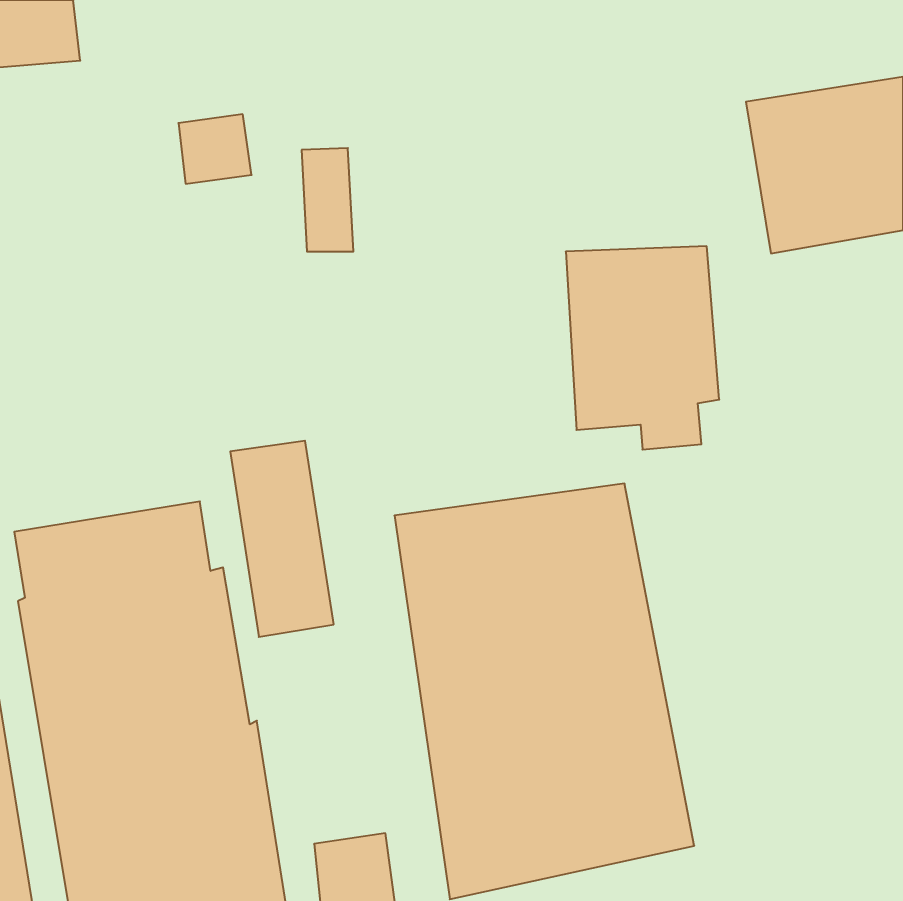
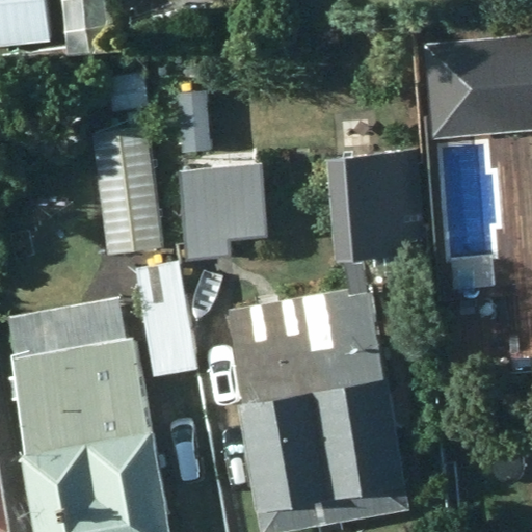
building: none -> [90,125,163,254]
building: none -> [178,161,267,259]

